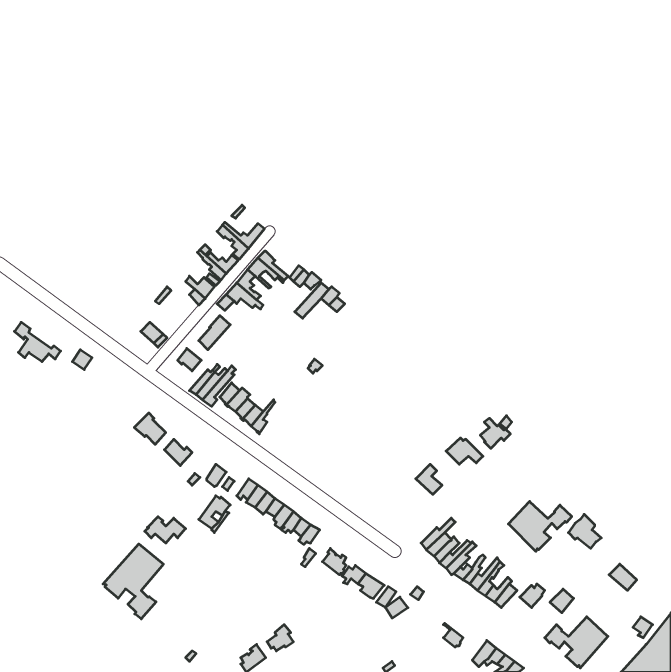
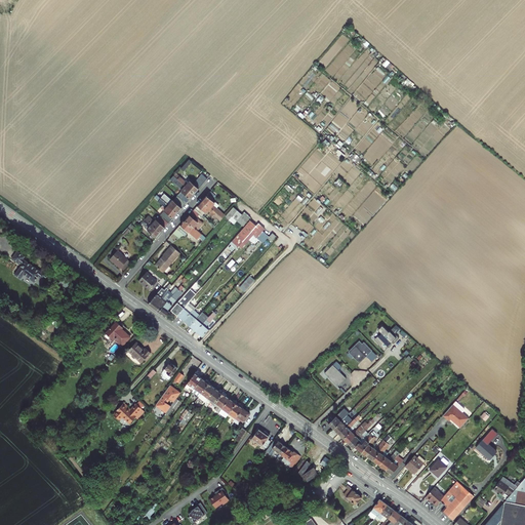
building: [508,501,572,551] -> none
building: [103,544,163,619] -> none

